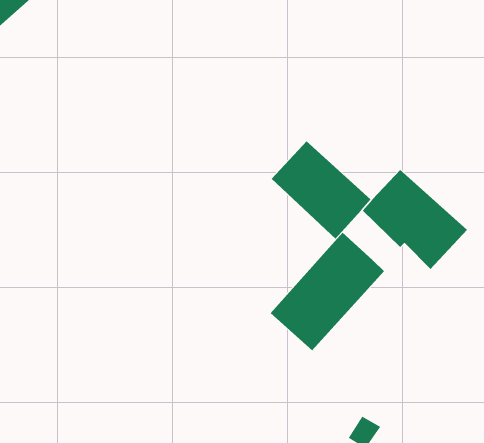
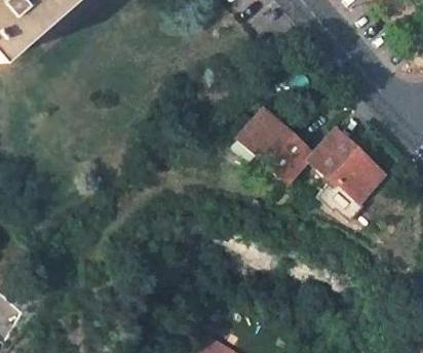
building: [270,232,385,351] -> none

